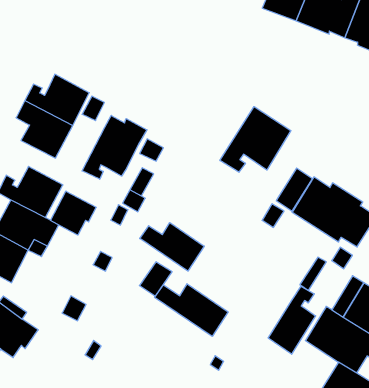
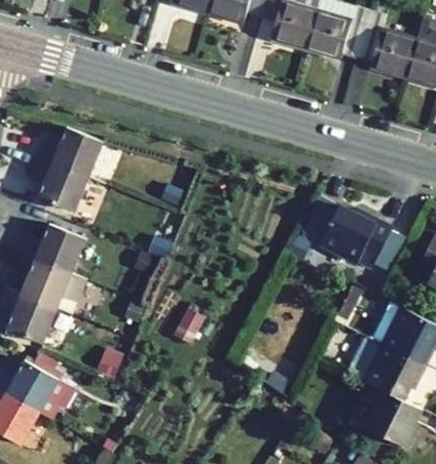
building: [220,107,291,172] -> none
building: [82,115,147,179] -> none
building: [51,191,96,235] -> none
building: [140,223,204,271] -> none
building: [155,284,228,336] -> none
building: [268,286,316,354] -> none

